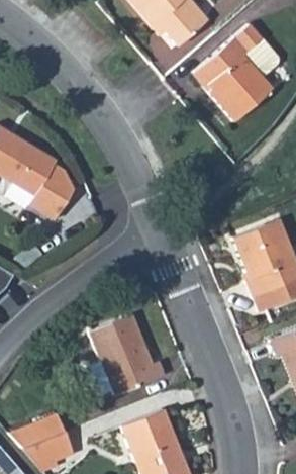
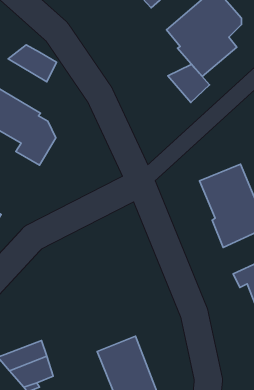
building: none -> [8,45,56,82]
building: none -> [168,65,209,102]
building: [92,315,165,394] -> none

